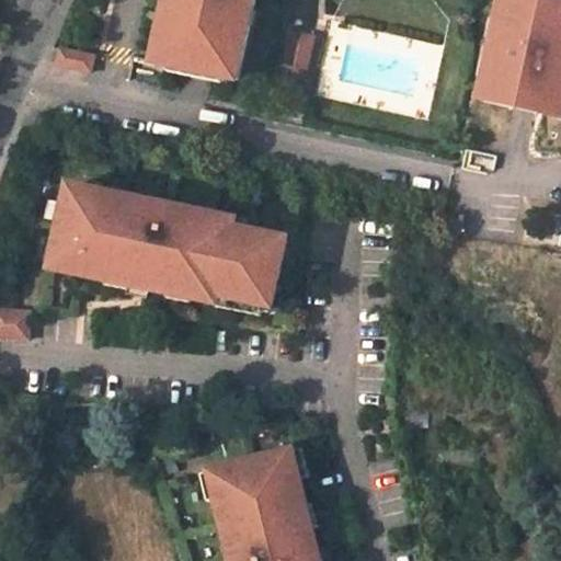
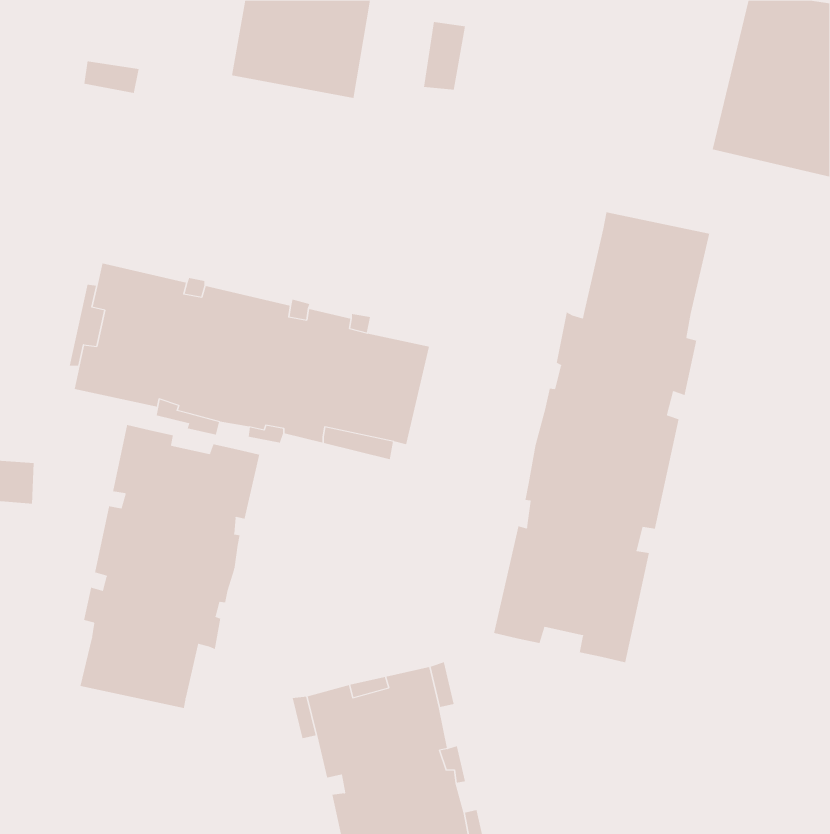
building: none -> [494,212,710,663]
building: none -> [80,424,260,709]

